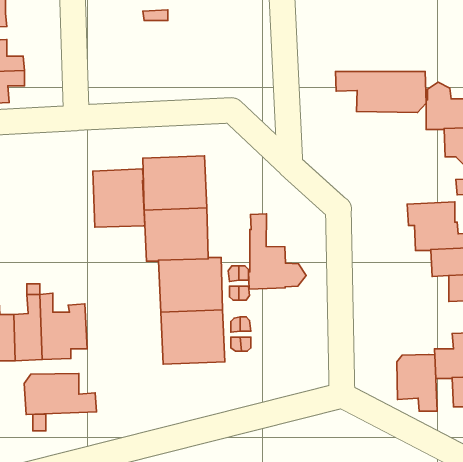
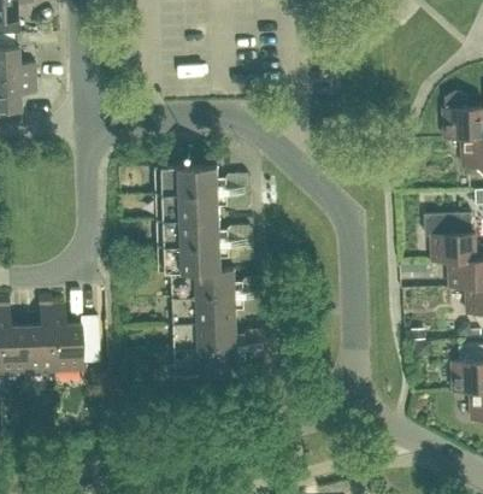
building: [336,72,426,113] -> none
building: [93,169,145,227] -> none
building: [248,214,306,289] -> none
building: [397,354,437,411] -> none
building: [24,373,96,414] -> none

